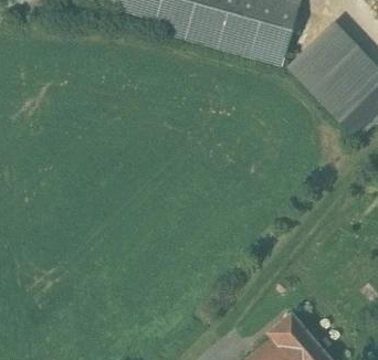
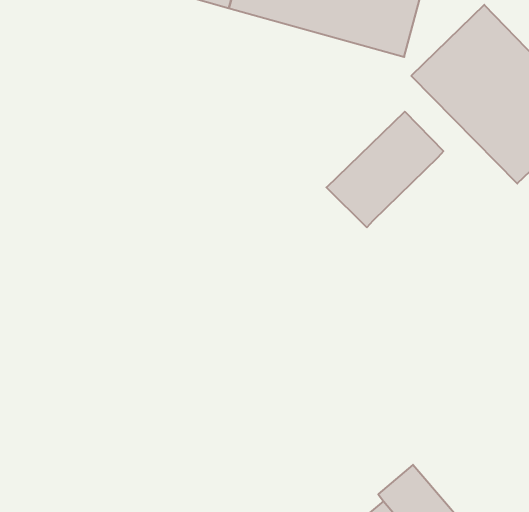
building: none -> [326,112,443,227]

